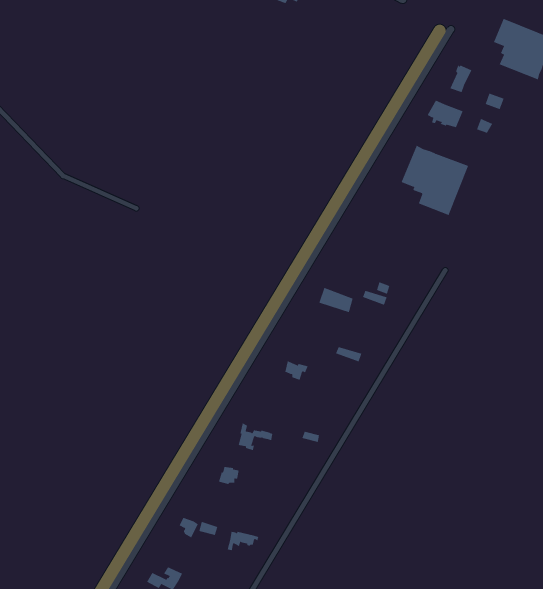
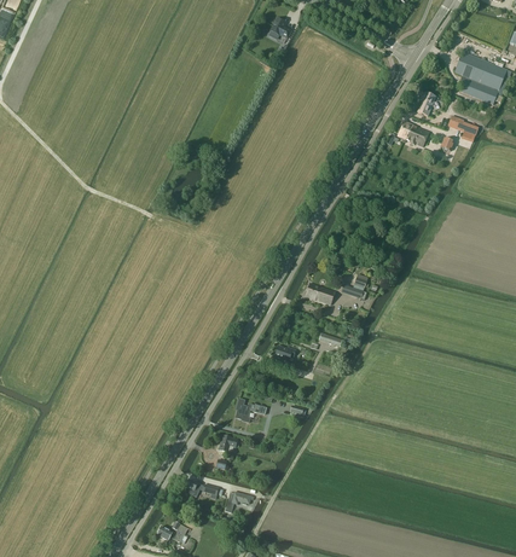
building: [401,145,469,216] -> none

